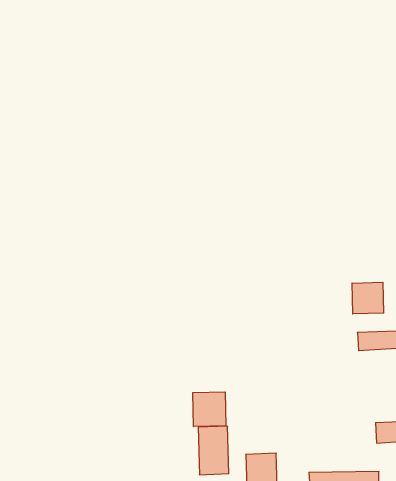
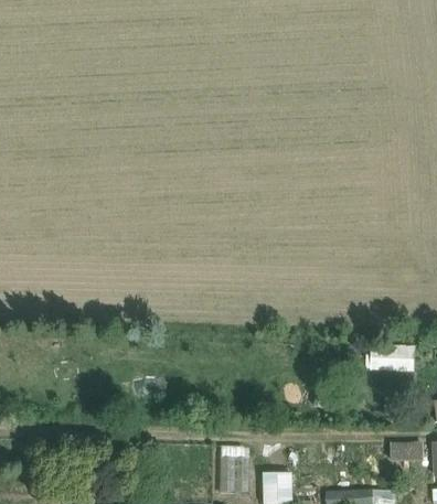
building: [352,282,384,314] -> none
building: [193,392,226,427] -> none

